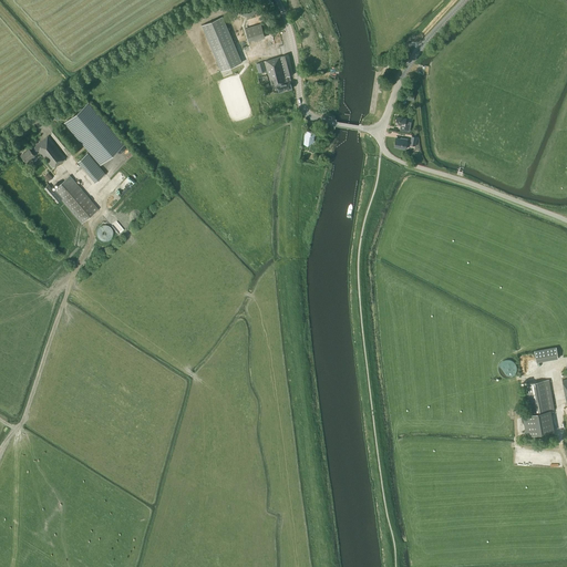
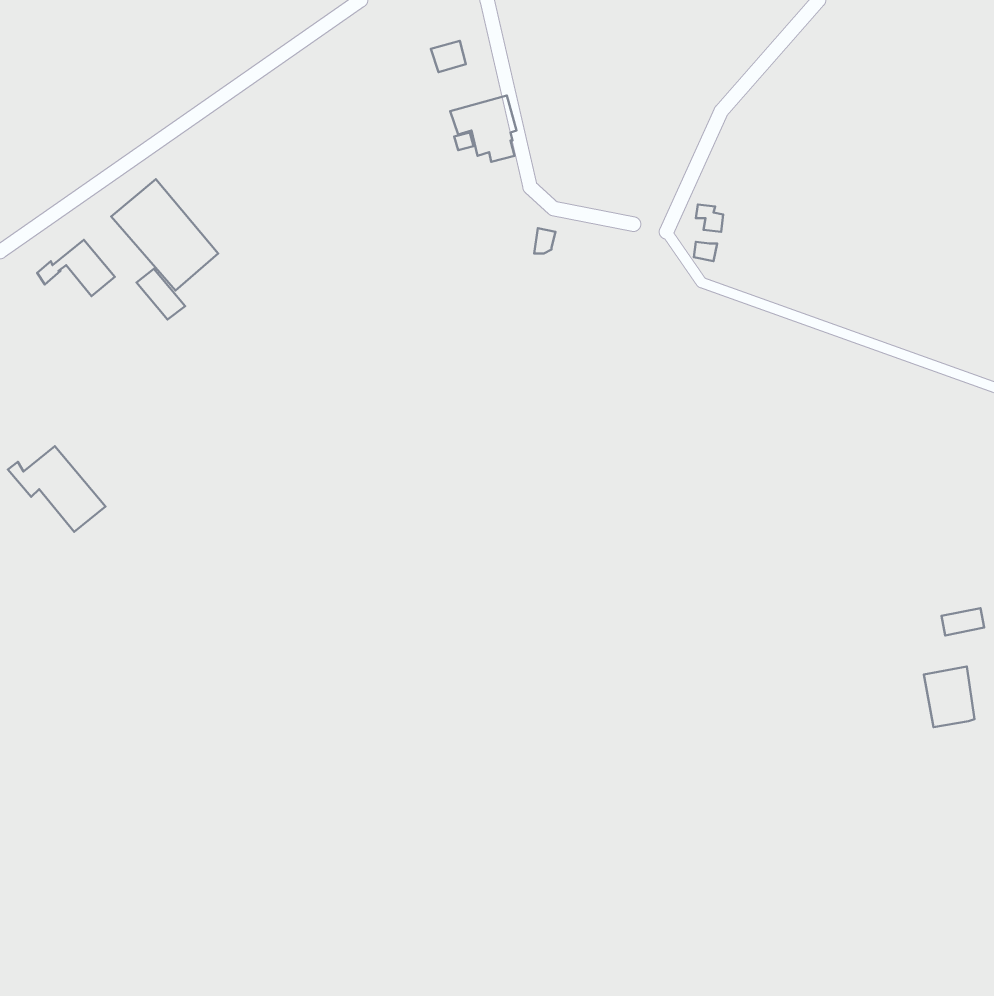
building: [203,16,243,71] -> none
building: [44,175,100,224] -> [8,446,105,532]
building: [524,410,556,435] -> none

